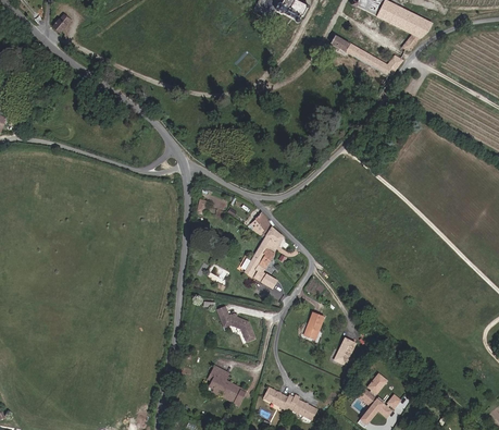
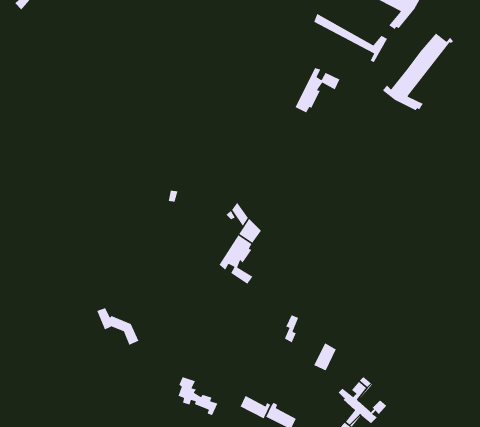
building: none -> [382,32,454,111]
building: none -> [294,67,340,113]
building: [216,305,257,341] -> [96,307,140,346]

